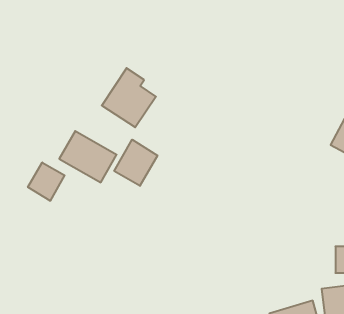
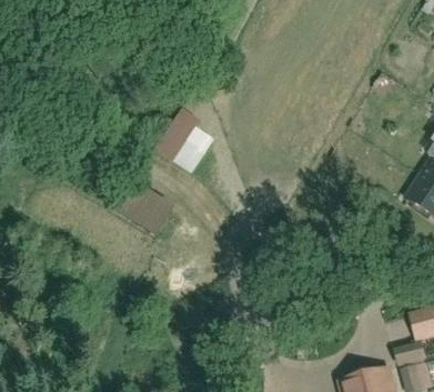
building: [114,140,157,186] -> none
building: [28,162,65,201] -> none

